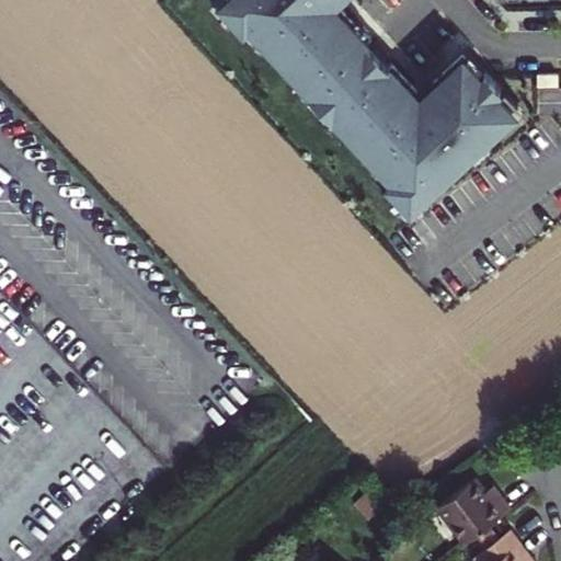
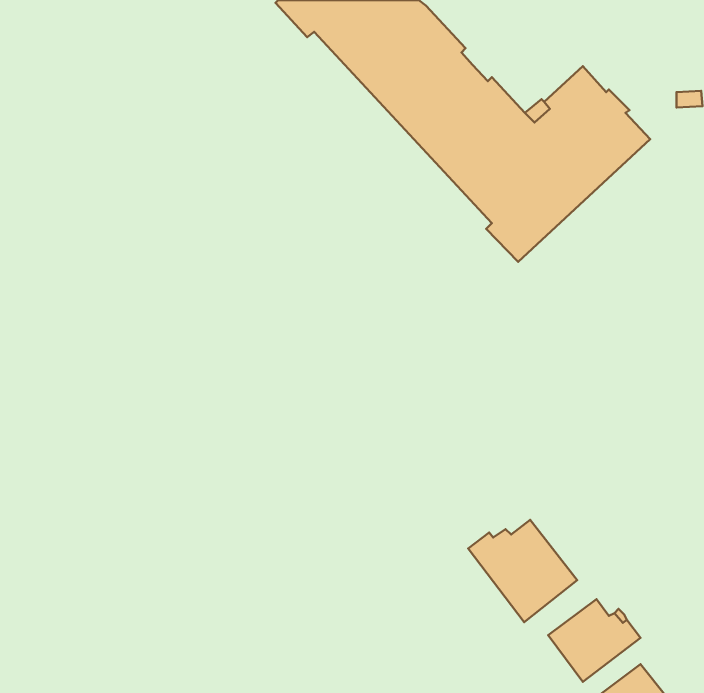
building: none -> [468,520,577,622]

